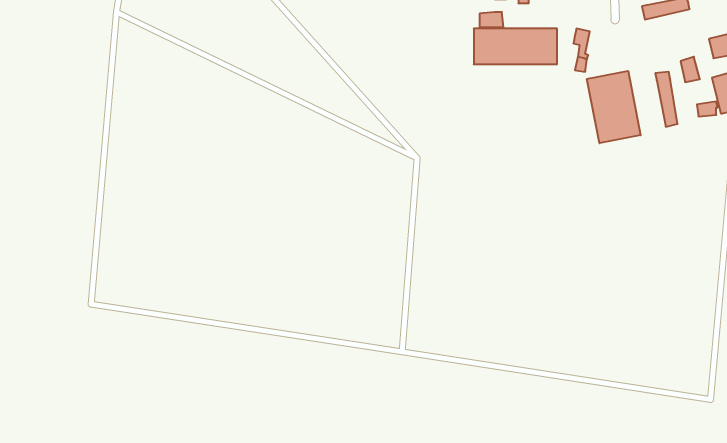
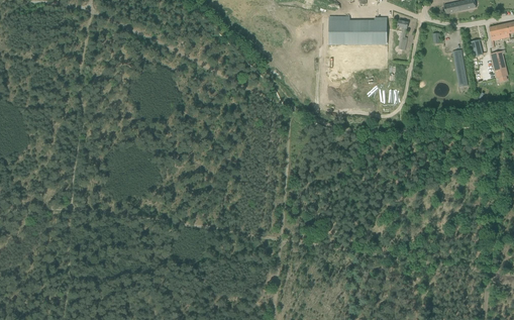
building: [587,71,641,143] -> none

